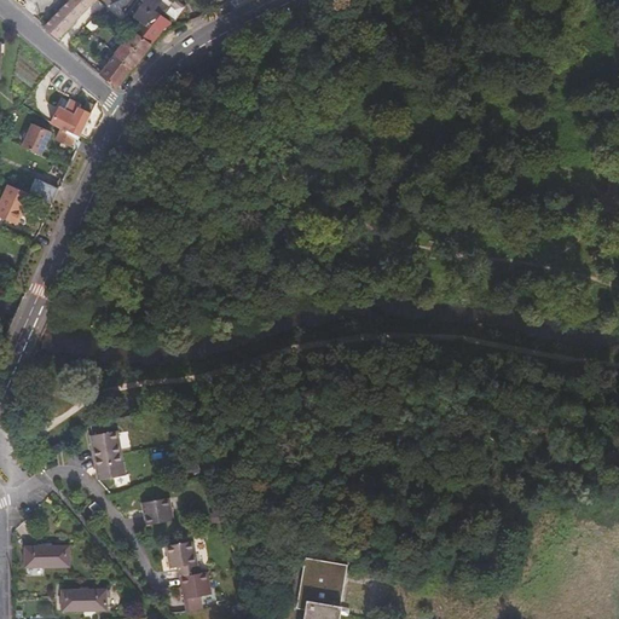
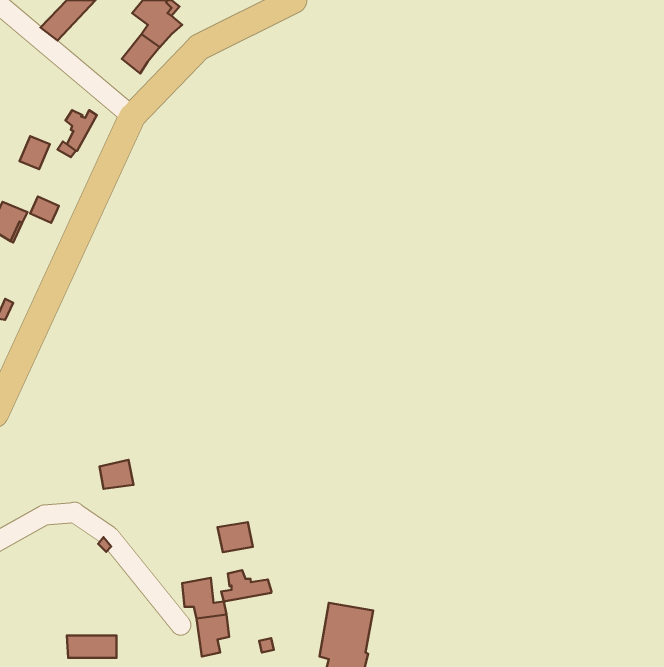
building: [97,57,129,91] -> none
building: [96,450,127,476] -> none
building: [144,493,177,521] -> [218,522,253,552]
building: none -> [221,570,272,601]
building: [24,544,69,566] -> none

